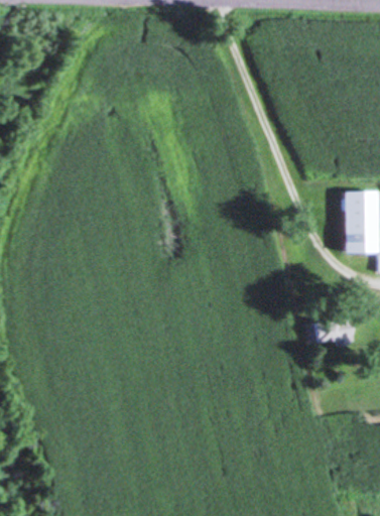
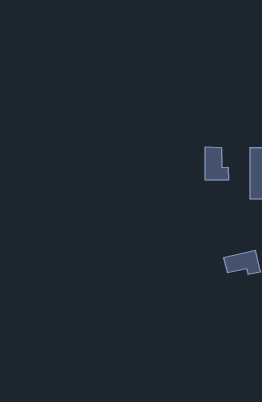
building: none -> [205,147,228,180]

